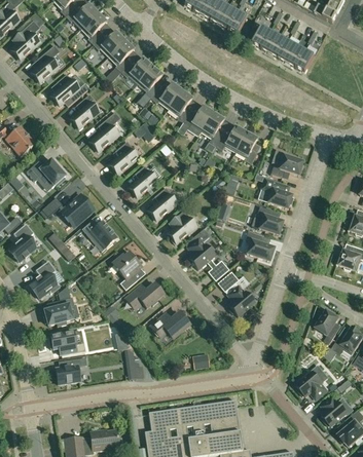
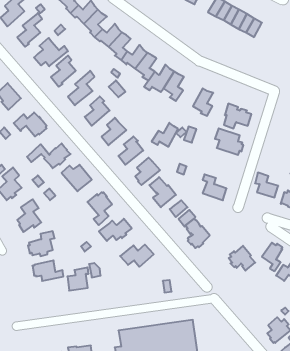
building: [215,124,246,152] -> [152,123,178,147]
building: [256,205,283,234] -> [255,173,278,197]
building: [56,357,80,384] -> [67,267,89,291]
building: [296,371,327,399] -> [229,246,255,271]

